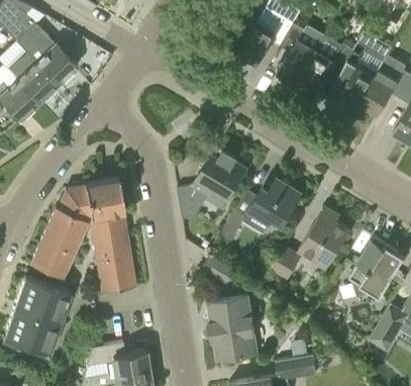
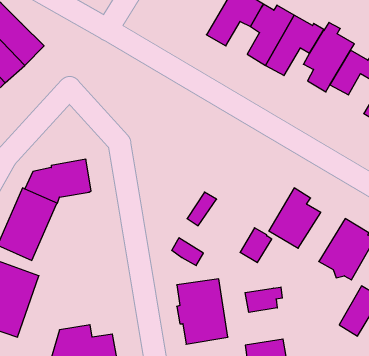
building: [177,149,246,219] -> none
building: [247,178,302,226] -> none
building: [89,210,134,293] -> none
building: none -> [245,287,282,312]

